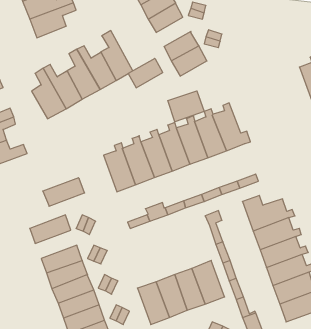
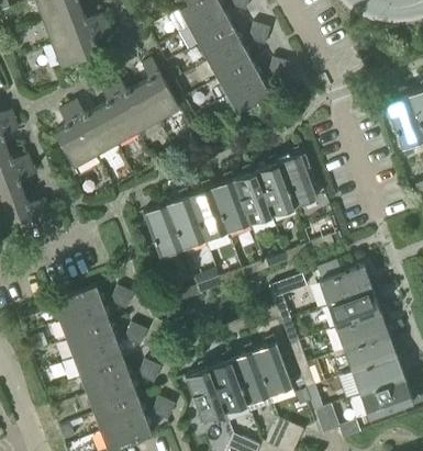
building: [128,58,163,88] -> [209,44,252,80]
building: [168,91,204,122] -> none
building: [43,178,85,206] -> [59,306,111,341]

